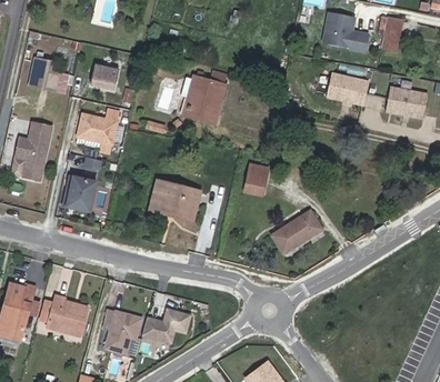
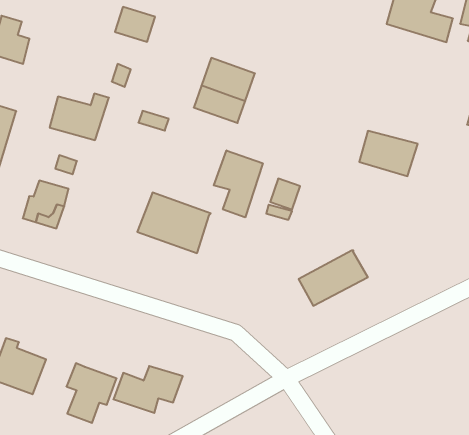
building: [91,64,120,89] -> [115,7,155,42]
building: [328,73,370,104] -> [359,131,418,176]
building: none -> [214,150,263,217]

